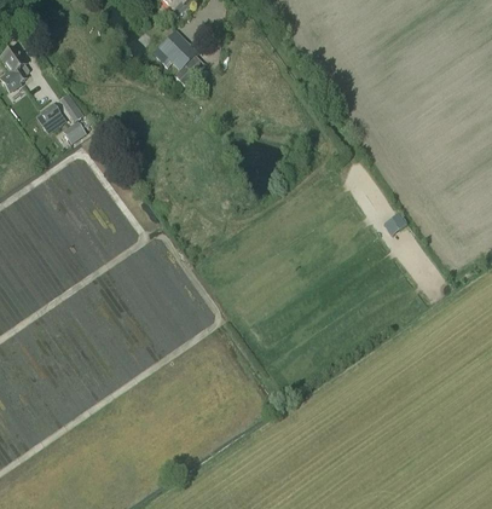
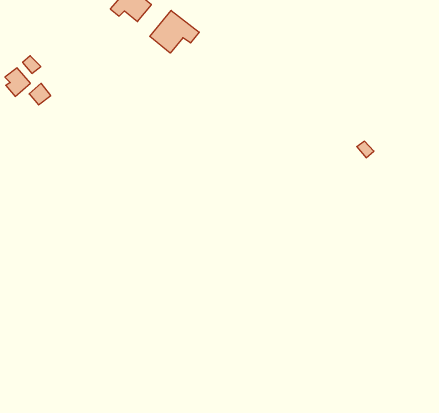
building: none -> [150,10,199,53]

